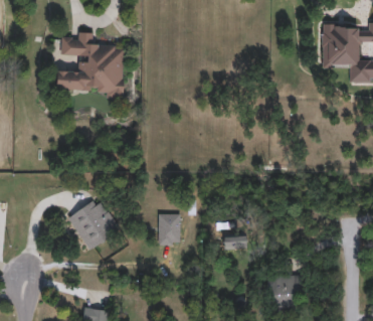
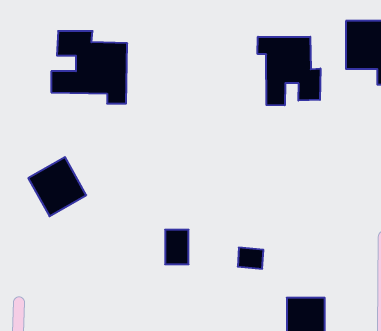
building: none -> [258,37,320,105]
building: [68,196,121,250] -> [28,157,86,216]

